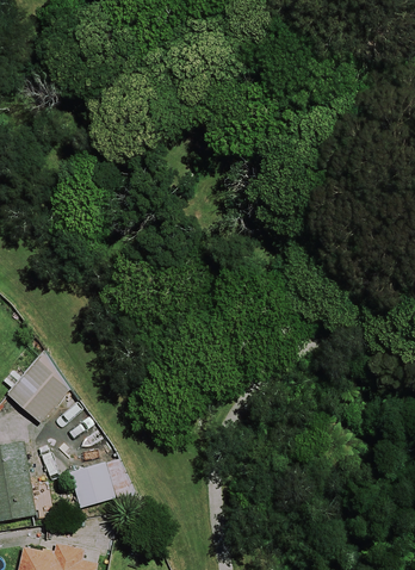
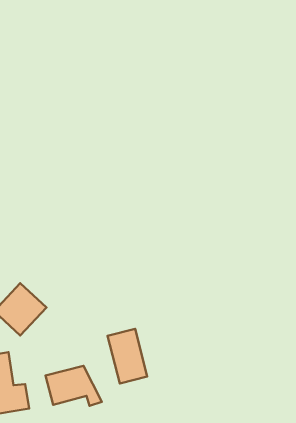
building: none -> [108,329,147,384]

